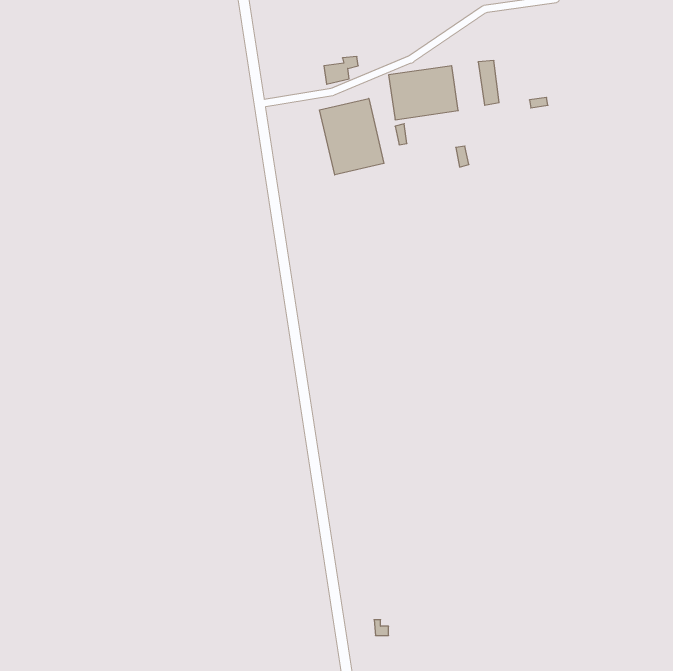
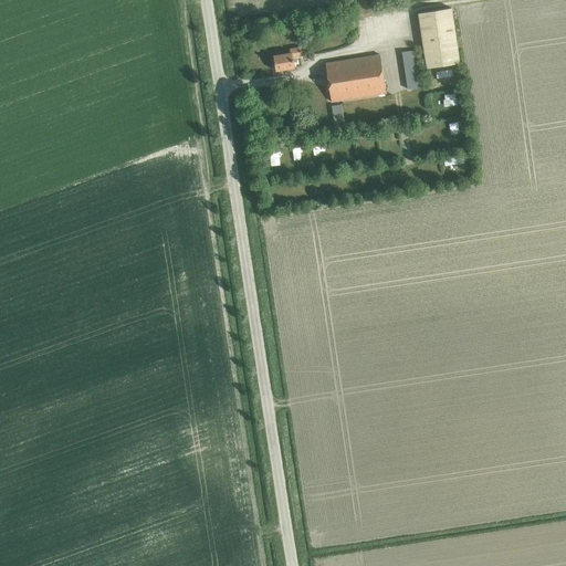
building: none -> [417,8,458,67]
building: [320,98,384,175] -> none

